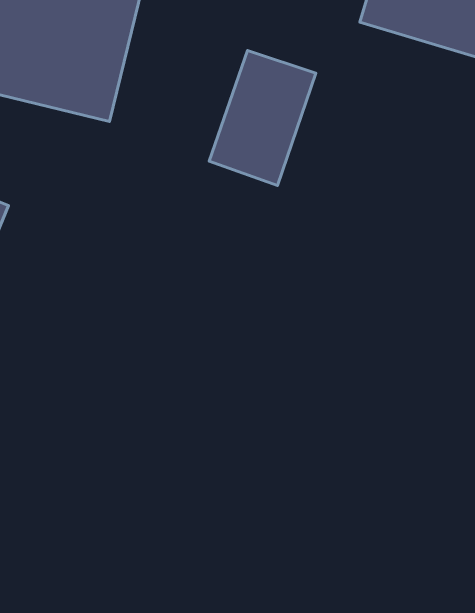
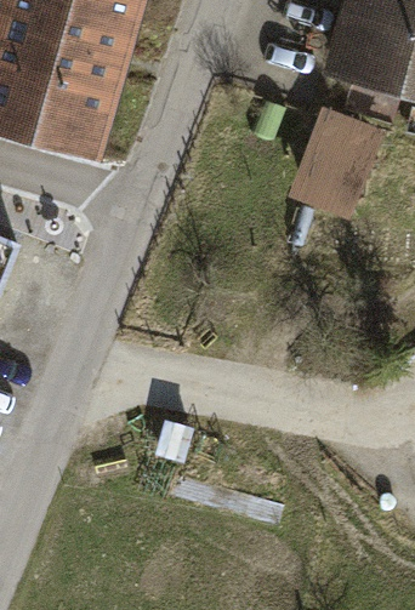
building: [209,50,316,186] -> [301,89,392,204]

